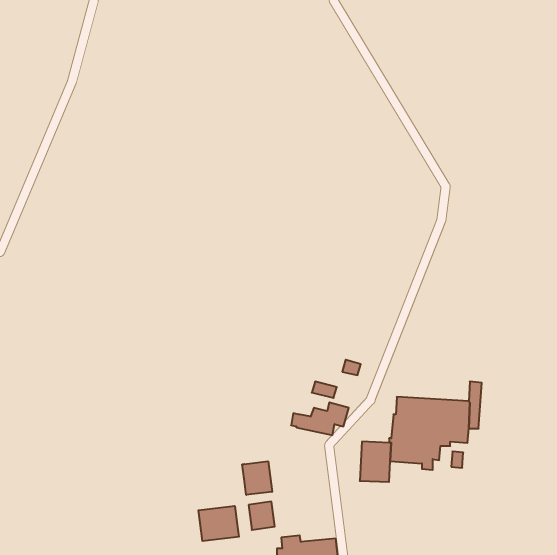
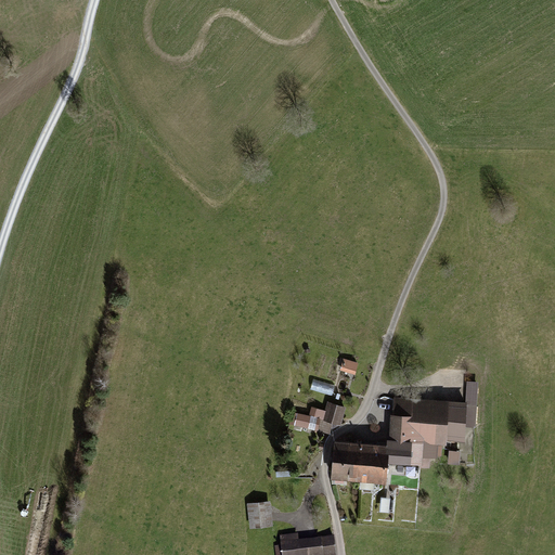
building: none -> [332,439,360,480]
building: [242,461,272,495] -> none
building: [198,506,239,541] -> none

